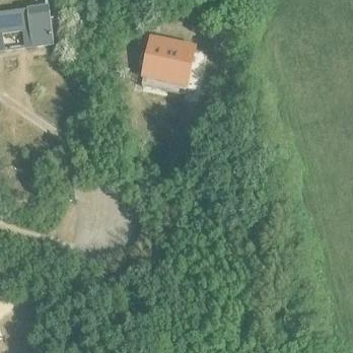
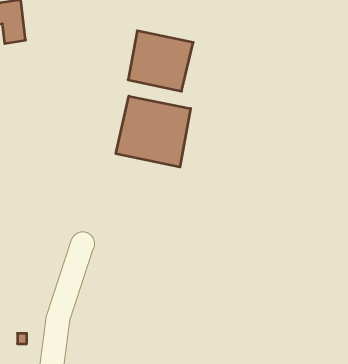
building: none -> [116,96,191,167]

